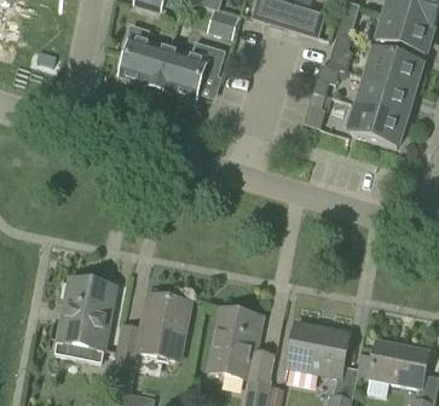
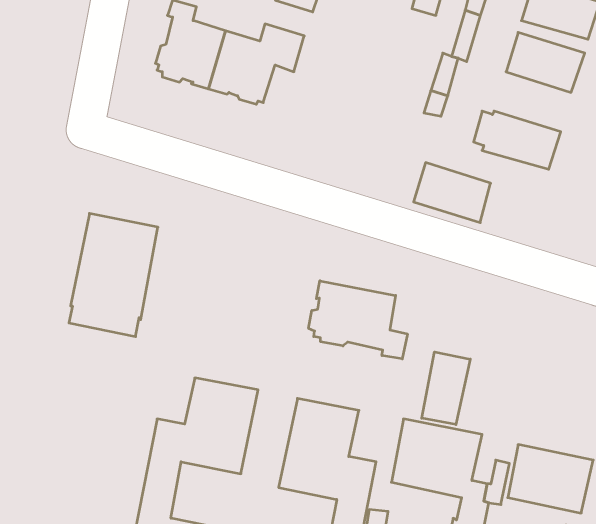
building: [359,76,414,118] -> [414,163,491,223]
building: none -> [309,281,407,359]
building: none -> [422,352,470,425]
building: [54,277,117,364] -> [69,213,158,337]

